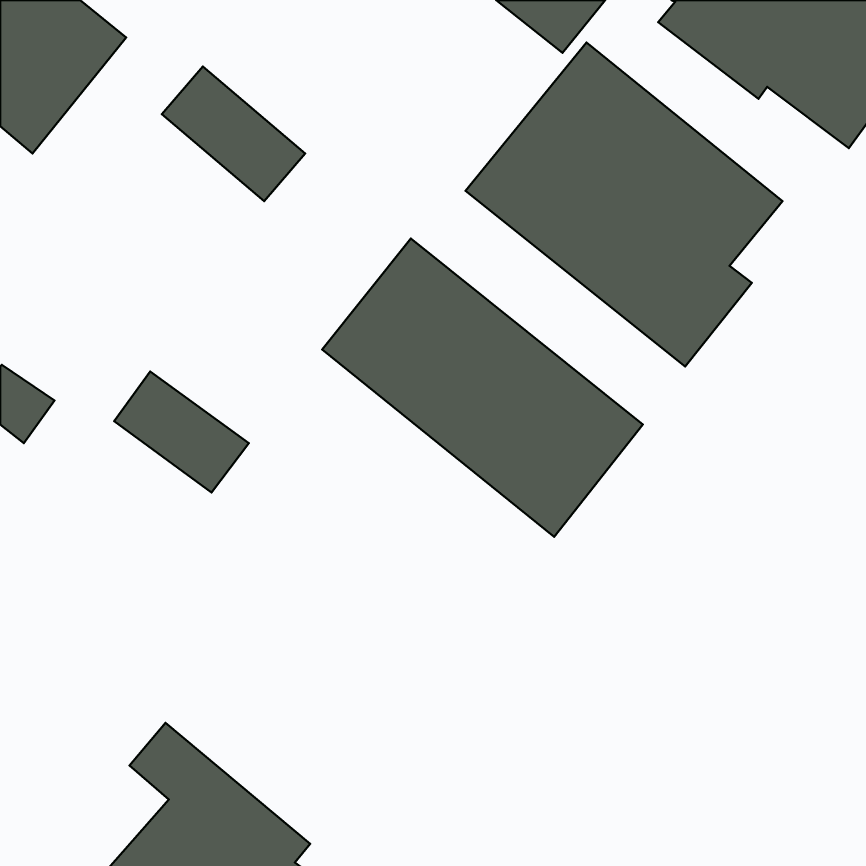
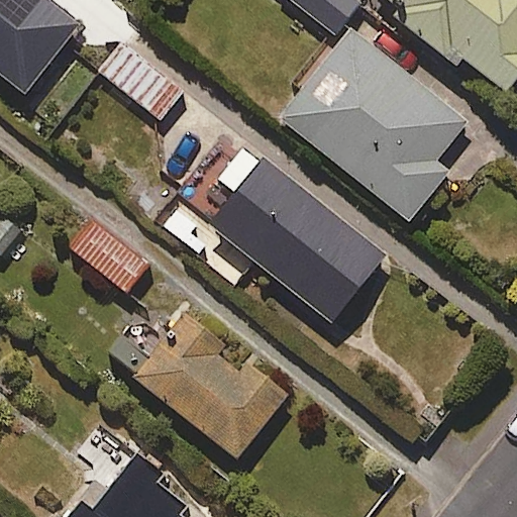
building: none -> [133,329,287,458]

